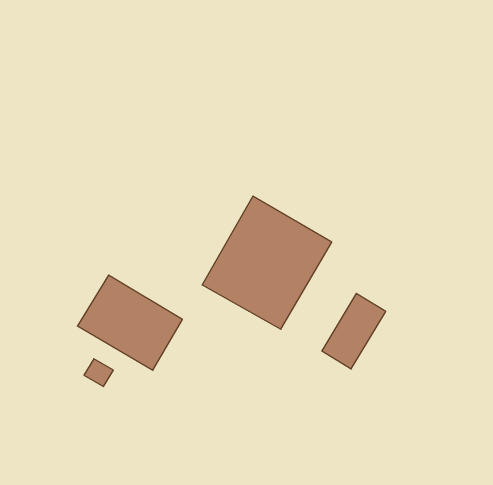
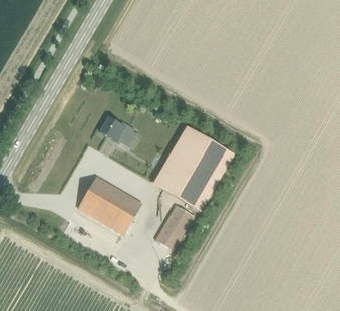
building: none -> [99,116,134,142]
building: [322,293,386,369] -> [154,204,194,250]

